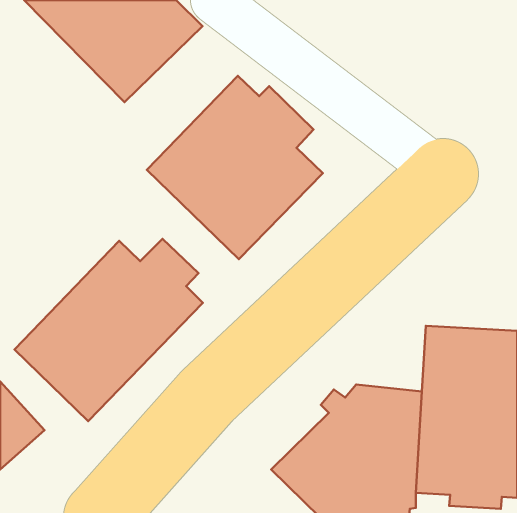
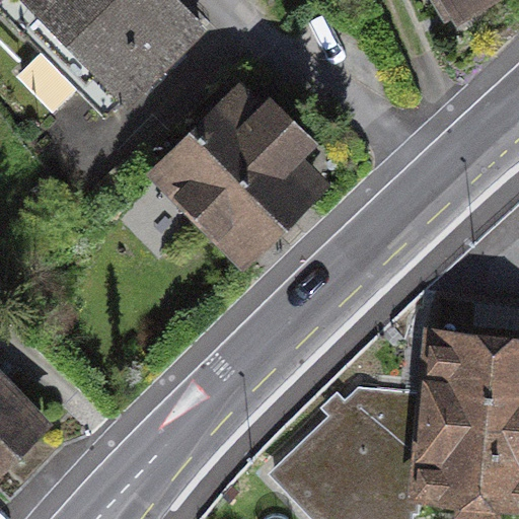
building: [14,239,203,421] -> none

